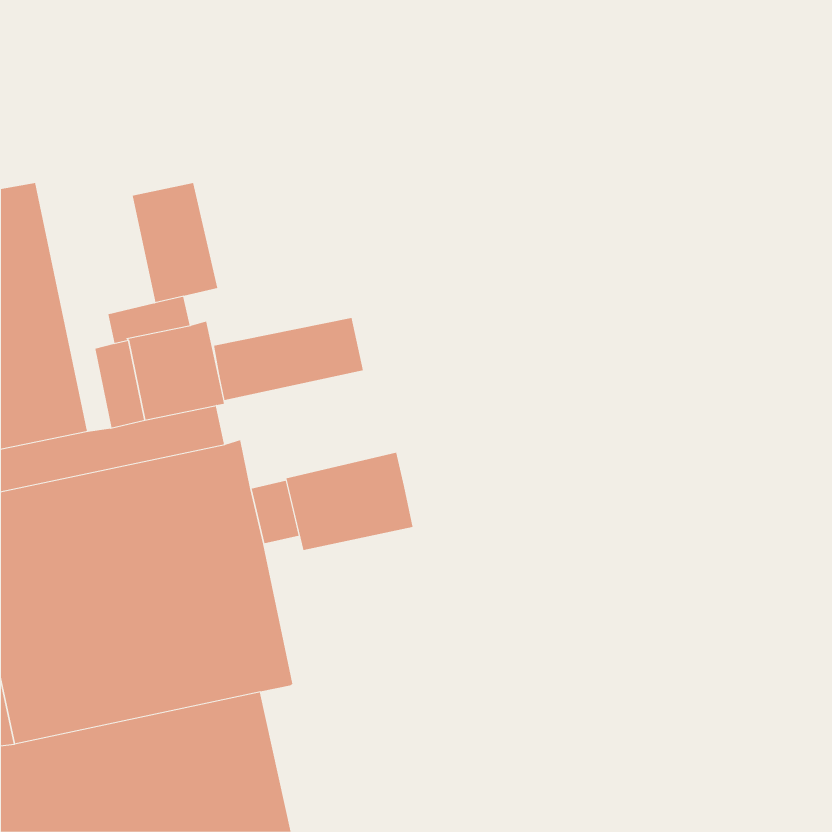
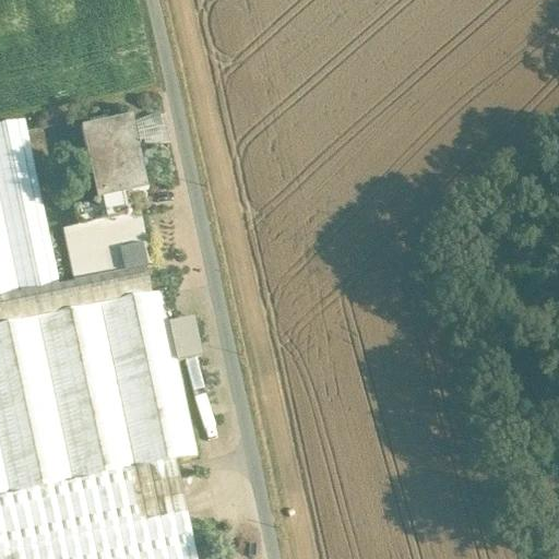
building: [214,317,364,401] -> none
building: [286,452,413,551] -> none

